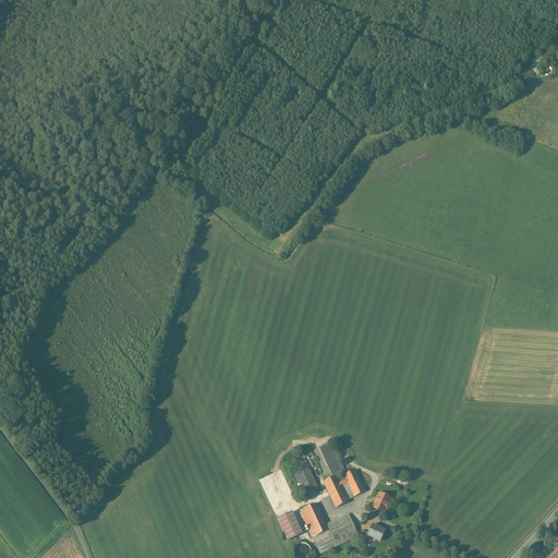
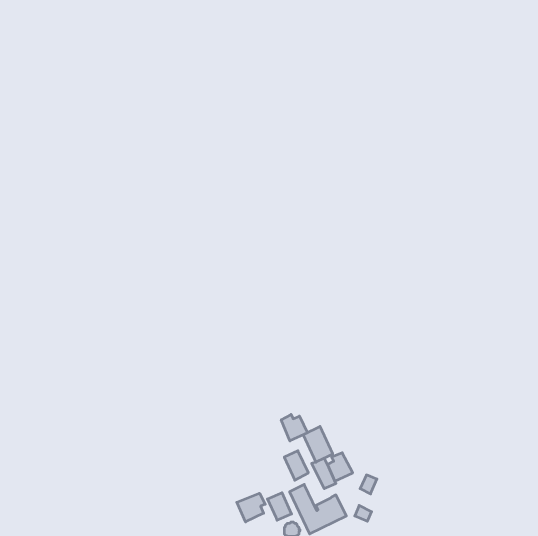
building: none -> [281,414,308,441]
building: none -> [237,493,265,522]

